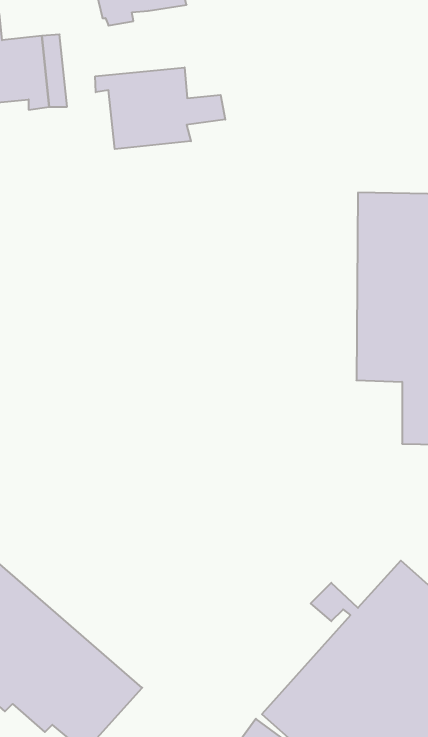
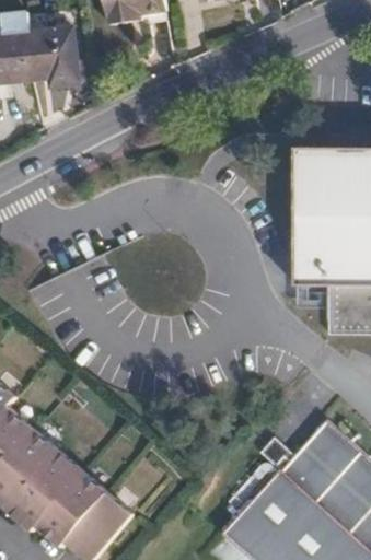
building: [95,67,225,149] -> none

